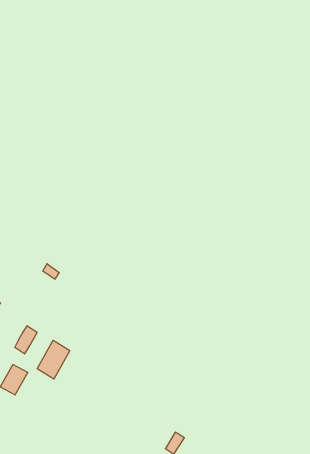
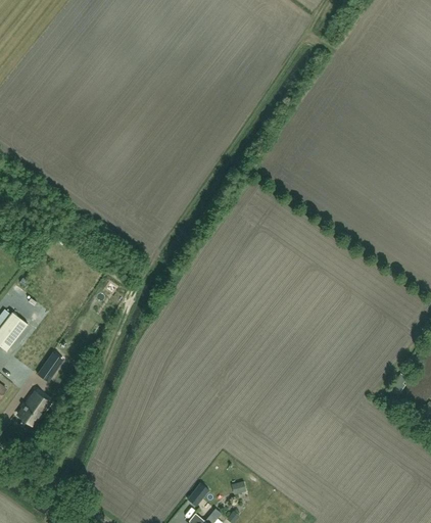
building: [37,340,70,379] -> none

